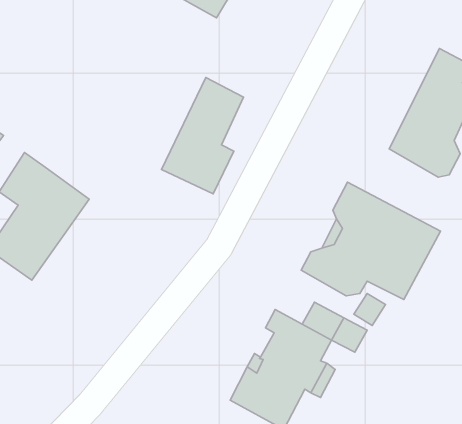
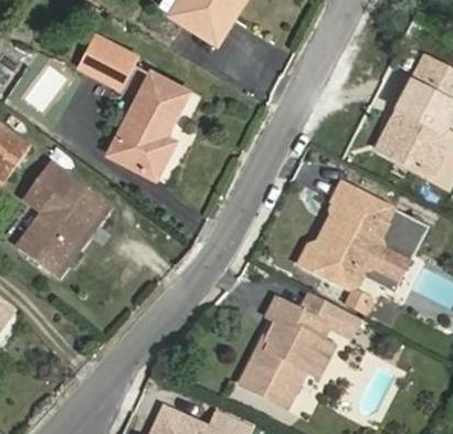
building: none -> [81,33,135,86]
building: [162,78,244,194] -> [110,70,185,174]

